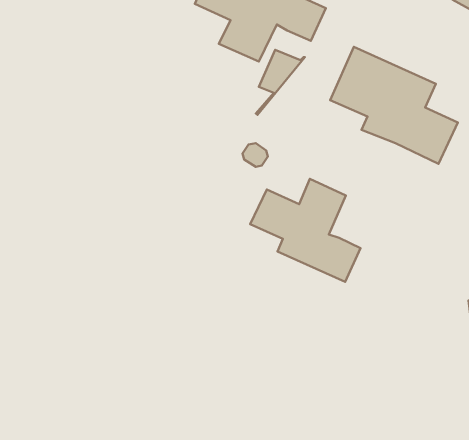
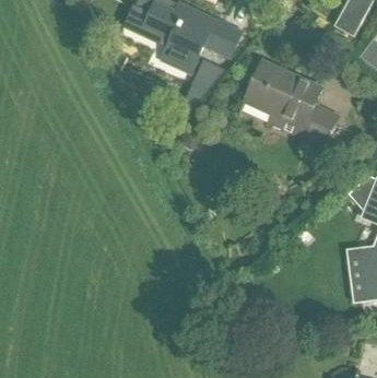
building: [250,179,360,282] -> none

